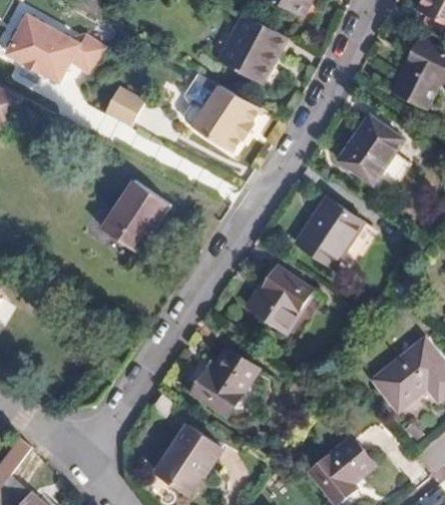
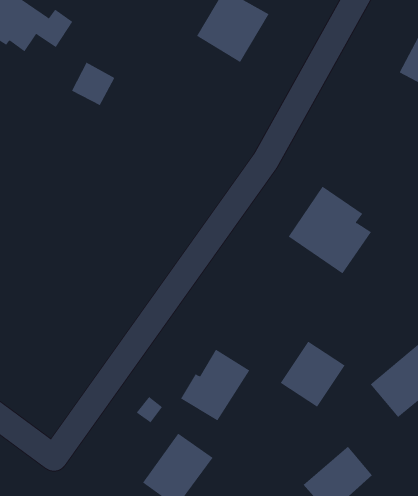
building: [170,80,247,147] -> none
building: [339,117,404,186] -> none
building: [96,169,163,240] -> none
building: [252,272,313,334] -> [280,341,346,408]

